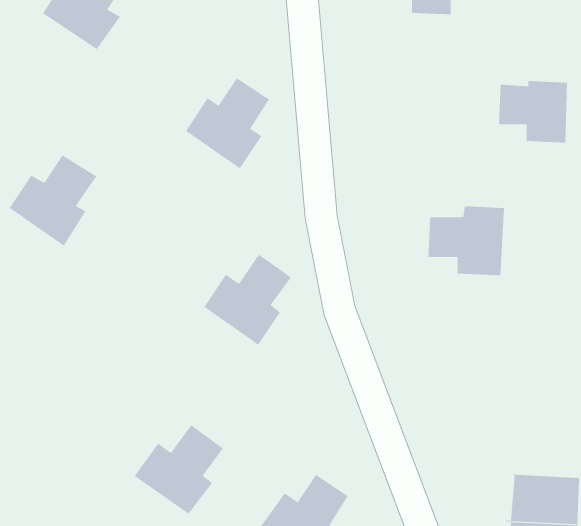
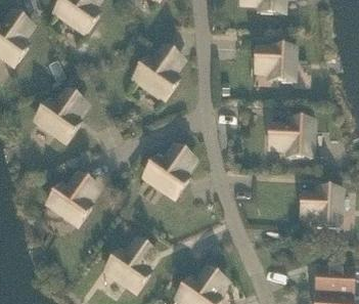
building: [498,81,568,143] -> [255,45,294,80]
building: none -> [47,172,96,223]
building: none -> [301,187,341,225]

